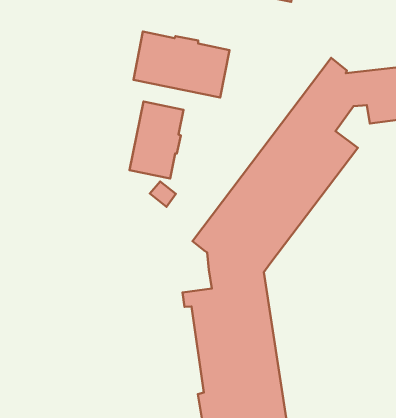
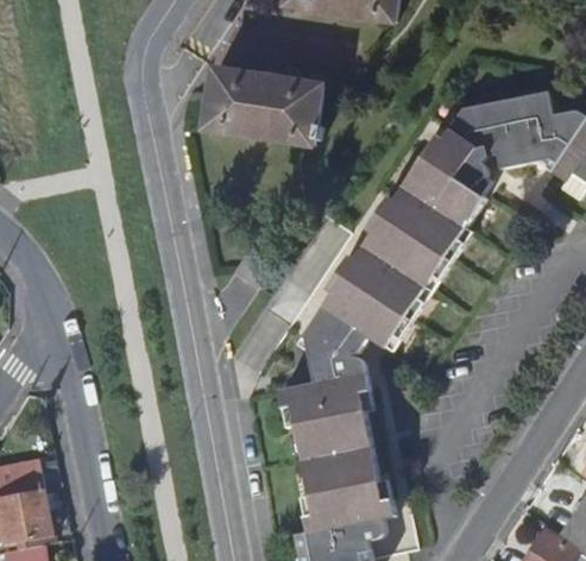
building: [130,102,183,179] -> none

